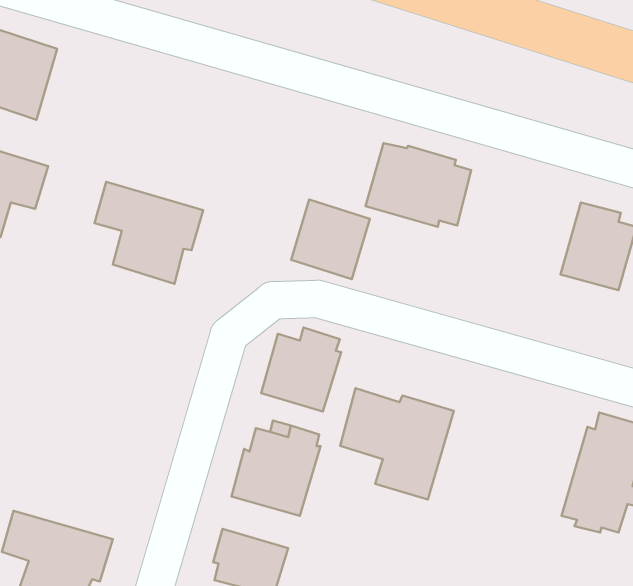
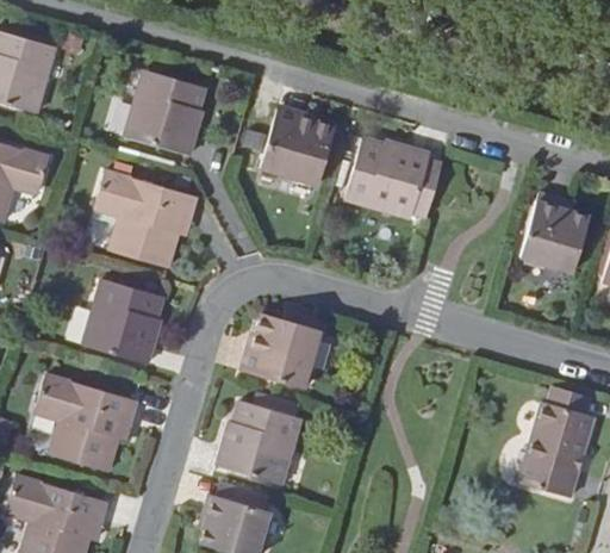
building: none -> [122,73,200,155]
building: [291,199,370,279] -> [259,110,331,184]
building: none -> [82,282,161,364]
building: [340,388,454,500] -> none
building: none -> [33,375,136,471]

